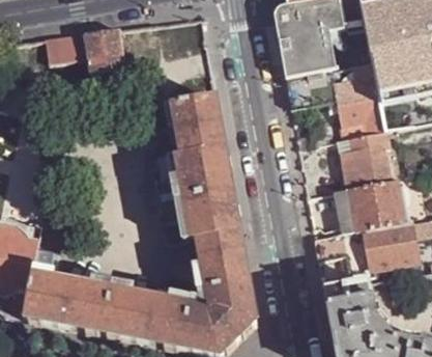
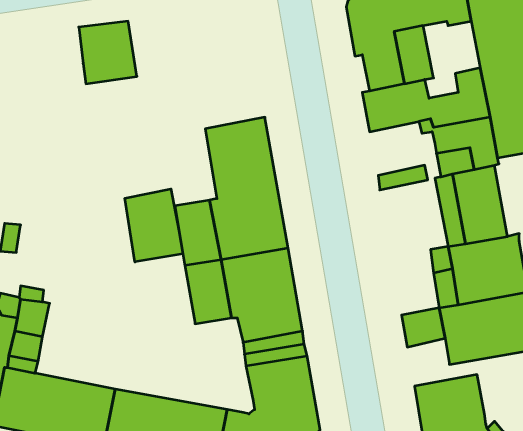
building: [48,32,89,62] -> none
building: none -> [125,189,183,262]

